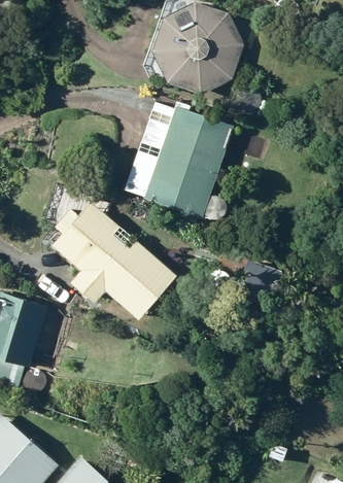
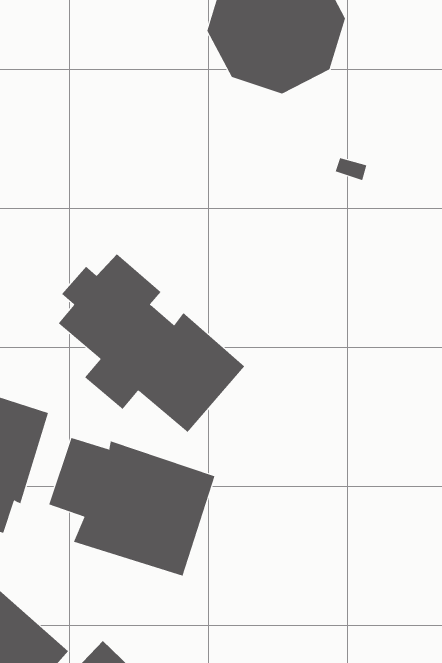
building: [123,100,234,218] -> none
building: none -> [48,437,215,576]

